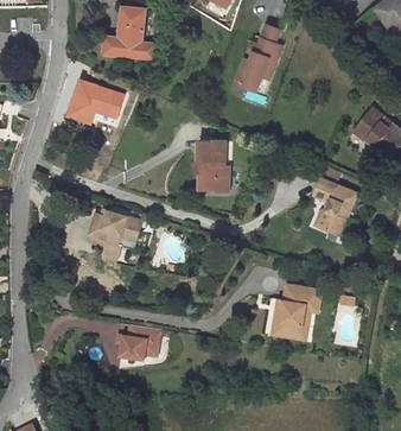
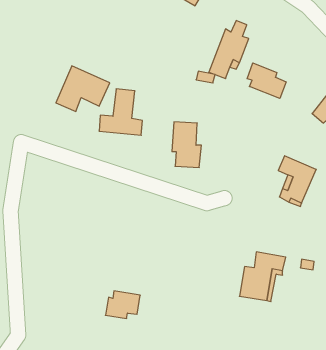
building: [106,8,154,61] -> [99,89,142,135]
building: none -> [247,63,286,98]
building: [88,211,140,262] -> none

